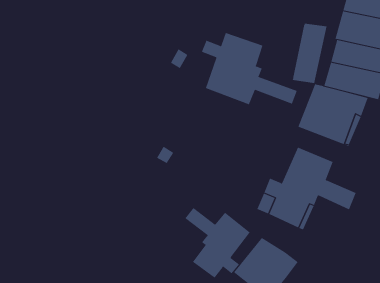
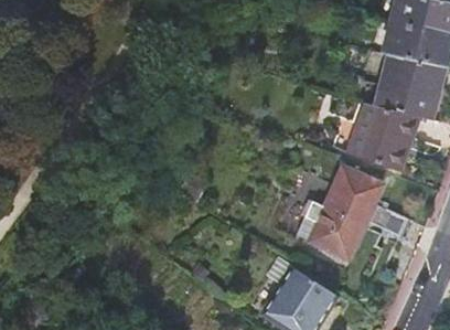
building: [292,23,327,84] -> none
building: [201,32,298,105] -> none
building: [184,207,250,278] -> none

